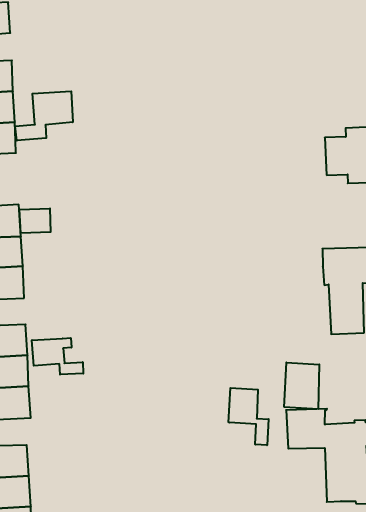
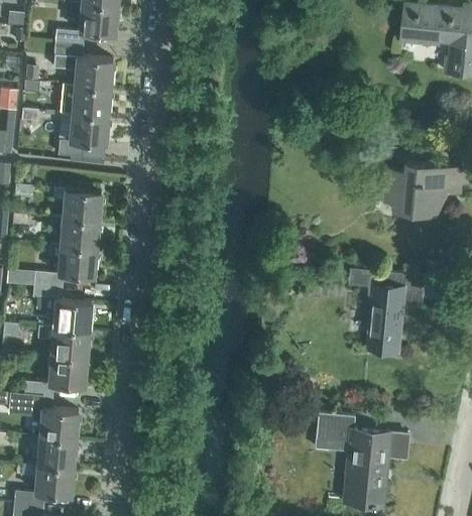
building: [15,91,73,141] -> none
building: [19,208,51,233] -> none
building: [32,338,83,375] -> none
building: [284,362,319,409] -> none
building: [229,388,269,445] -> none

